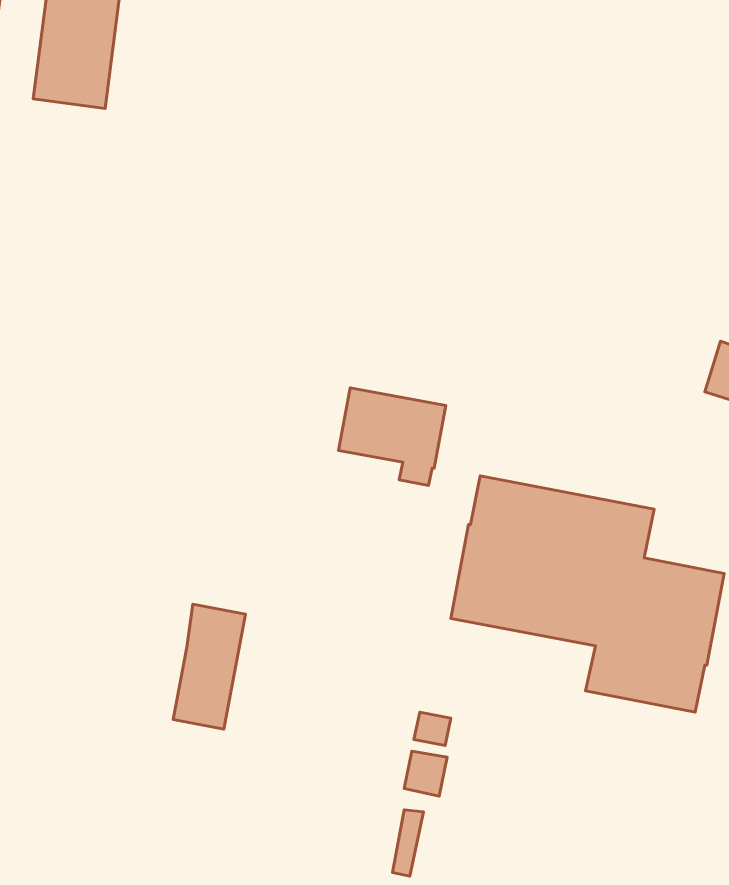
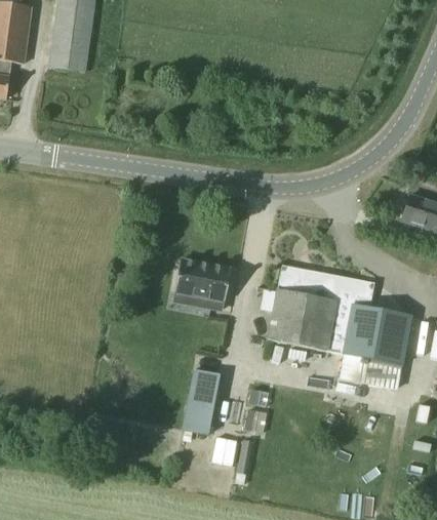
building: [339,388,446,486] -> [173,258,230,310]
building: [173,604,245,729] -> [182,368,220,434]

